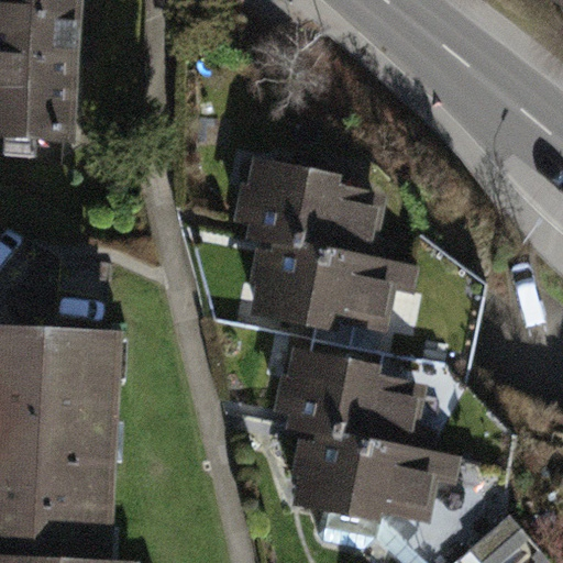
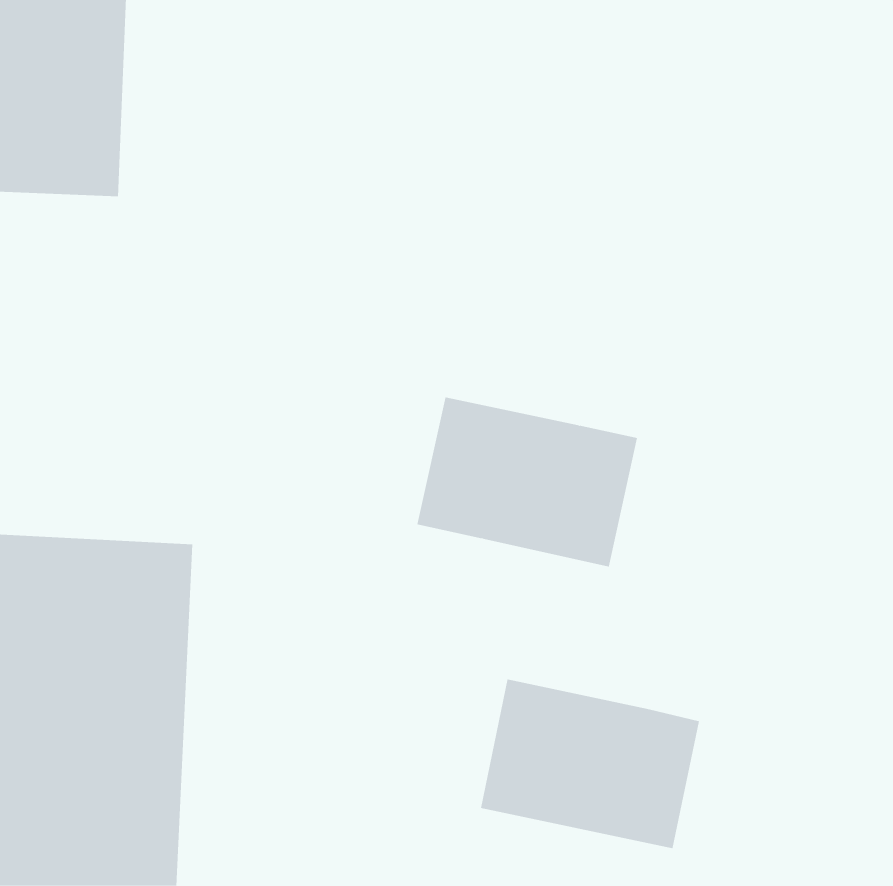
building: [240,157,376,264] -> none
building: [283,334,419,440] -> none

